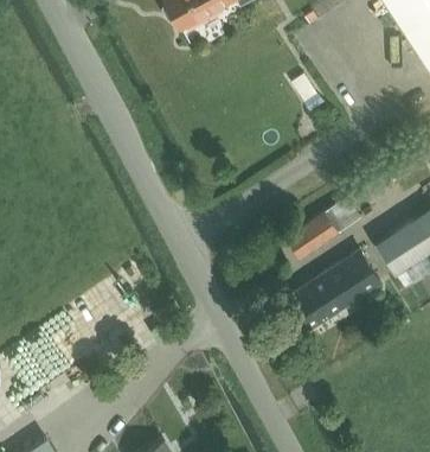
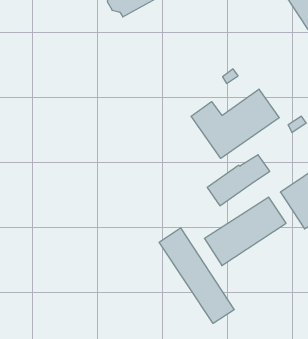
building: none -> [191,89,279,158]
building: none -> [159,228,234,323]

